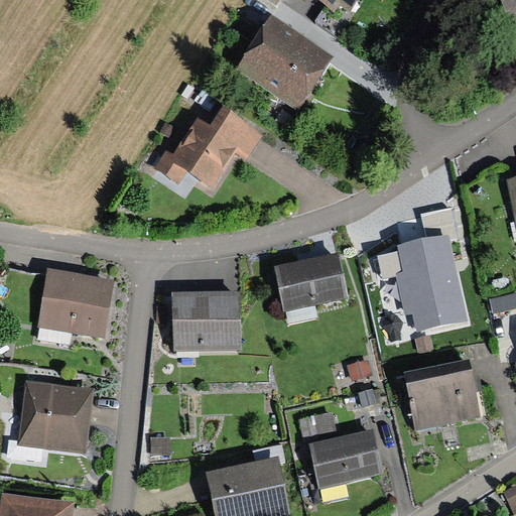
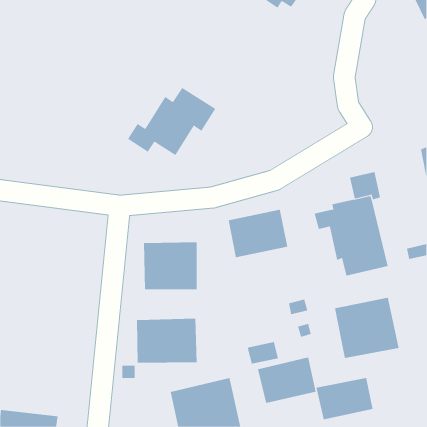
building: [235,13,335,111] -> none
building: [38,269,114,339] -> none
building: [18,381,90,453] -> none
building: none -> [137,318,197,364]
building: none -> [316,377,373,420]

